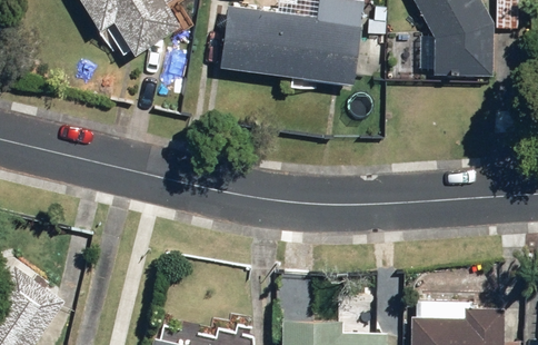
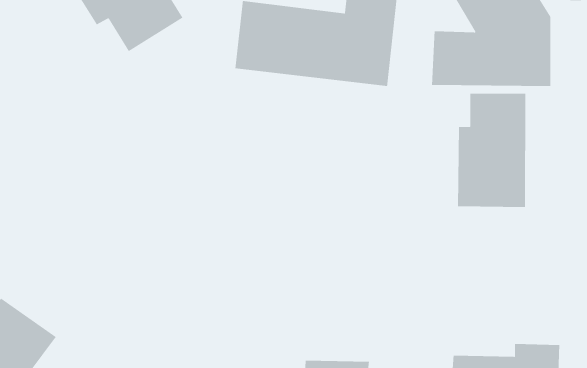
building: none -> [457,93,526,208]

